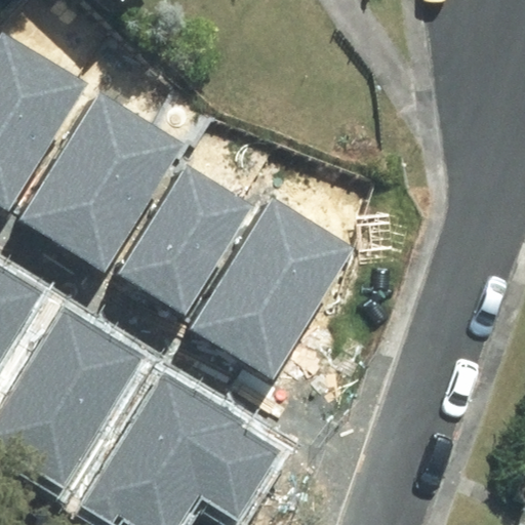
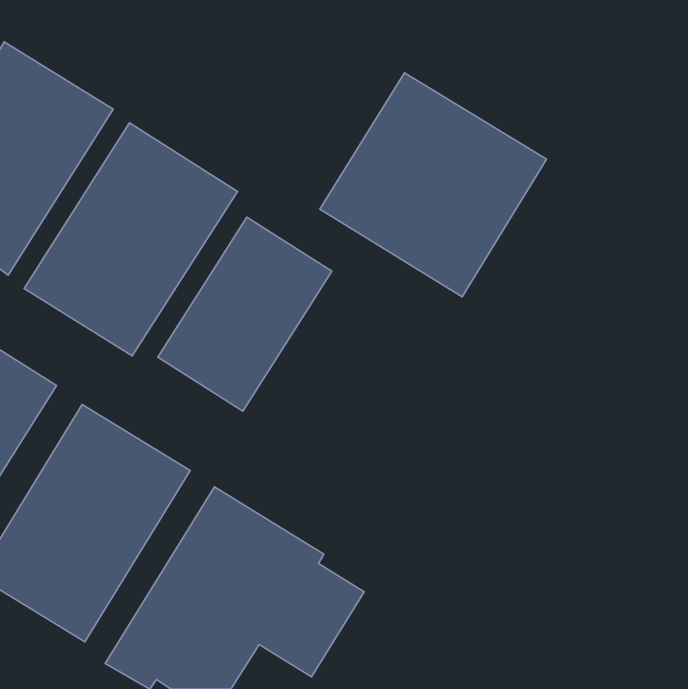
building: none -> [320,73,547,297]
building: [194,198,353,376] -> none

